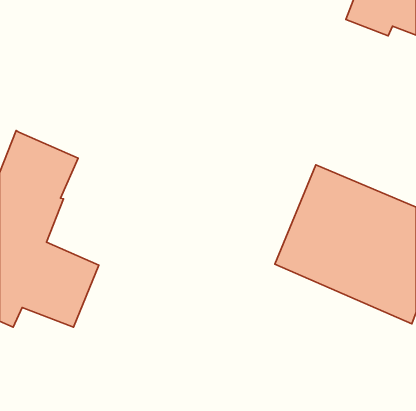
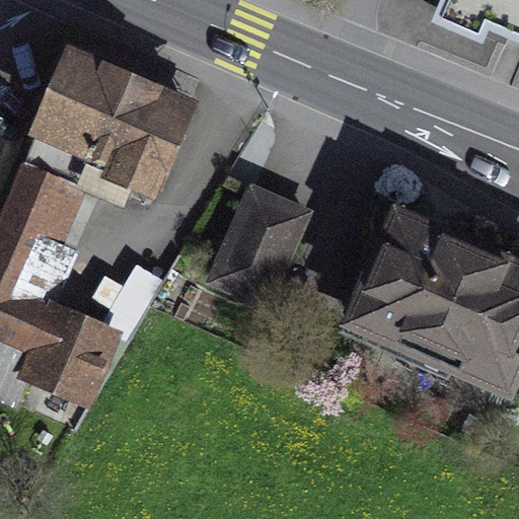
building: none -> [23,42,199,205]
building: none -> [207,181,311,308]

